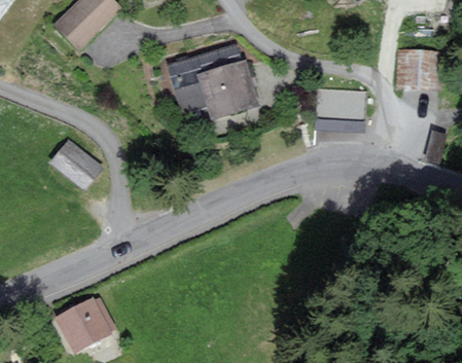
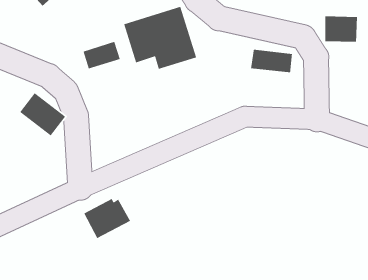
building: none -> [82,41,121,70]
building: [59,301,113,349] -> [83,198,131,239]

